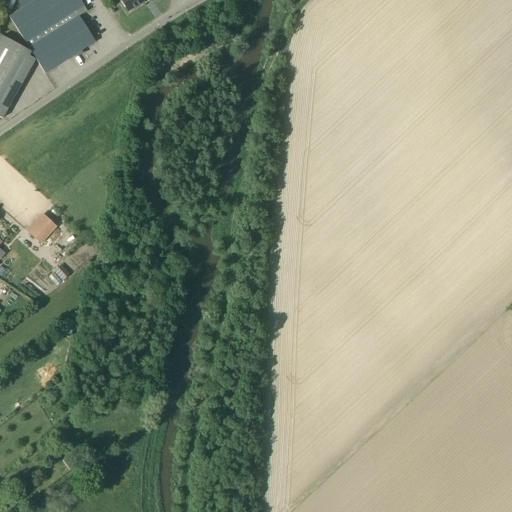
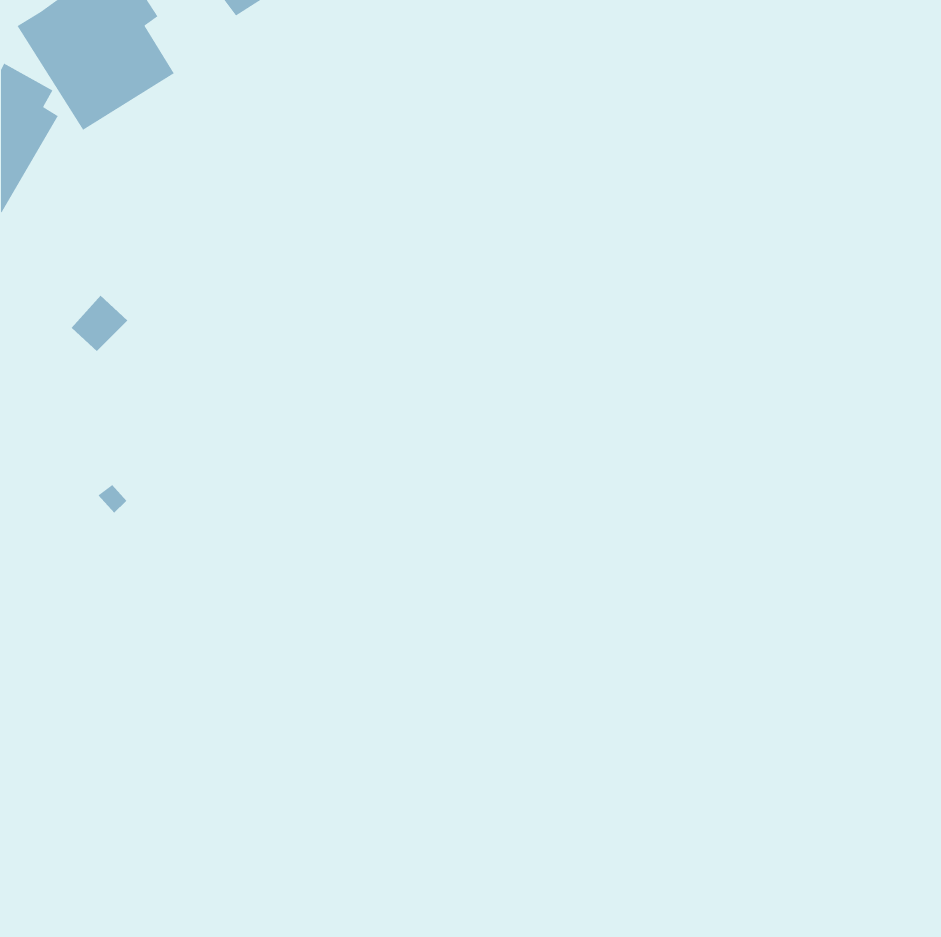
building: [26,211,57,242] -> [71,295,128,352]

